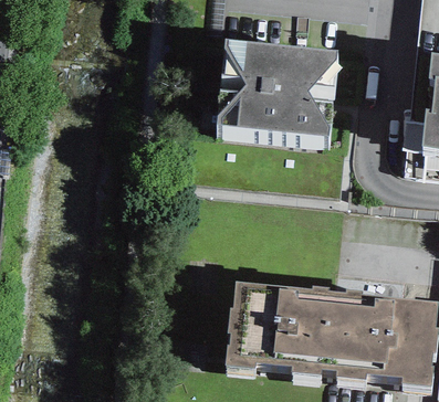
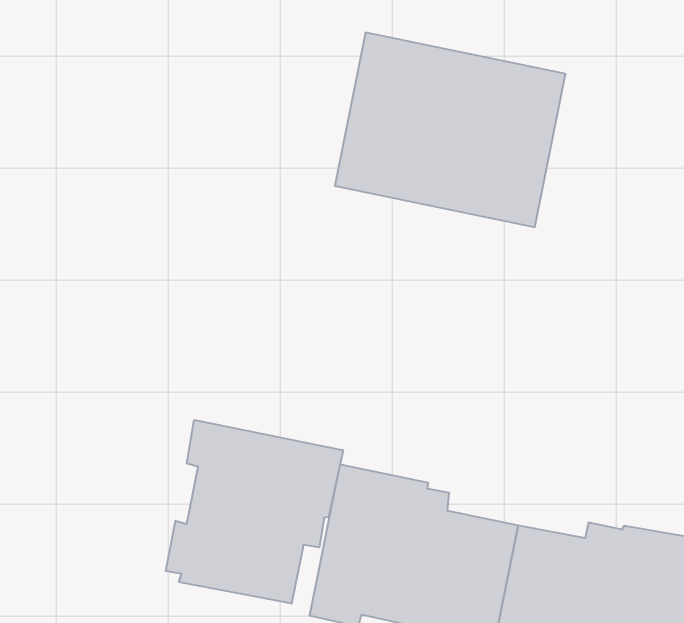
building: none -> [166,420,343,604]

